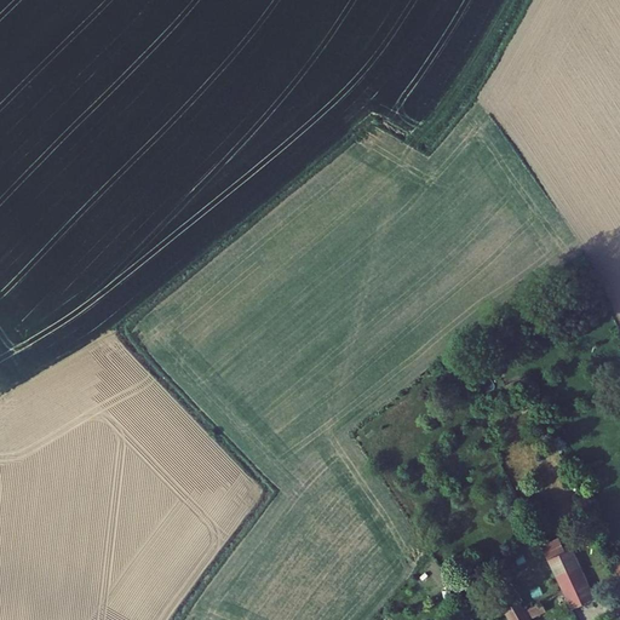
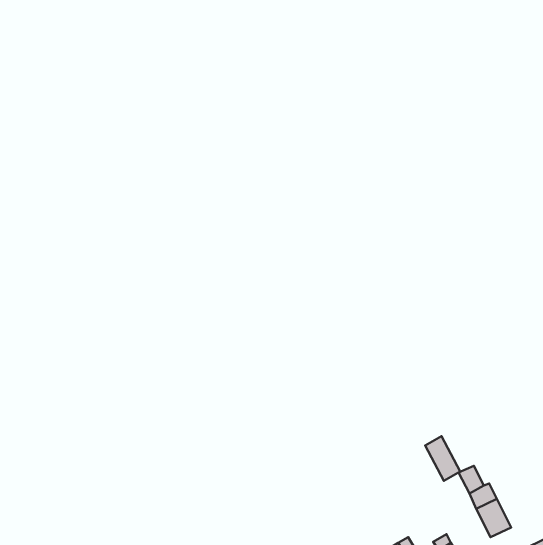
building: none -> [425,436,460,481]

